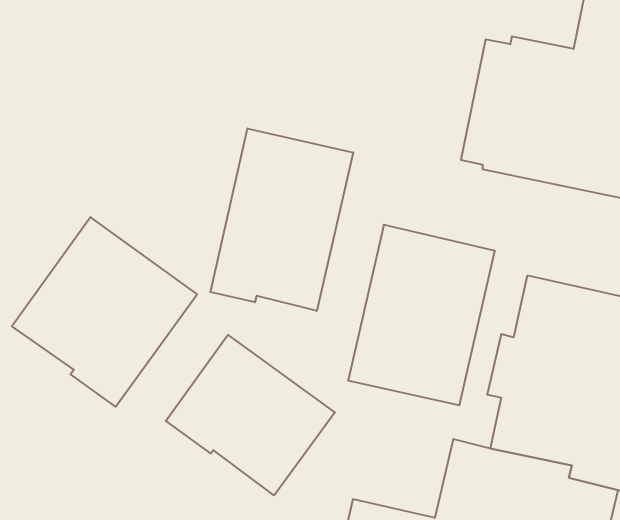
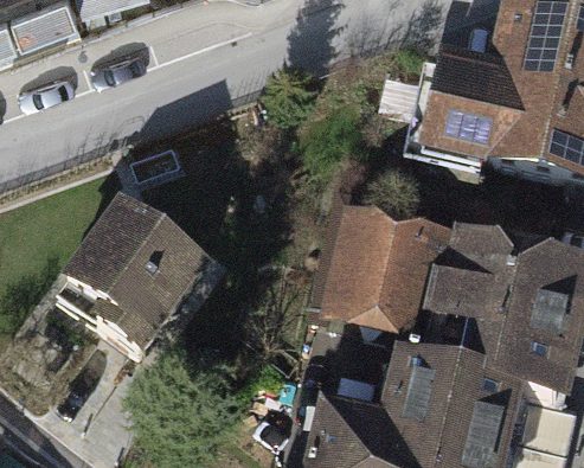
building: [210,128,353,311] -> none
building: [166,335,335,495] -> none

